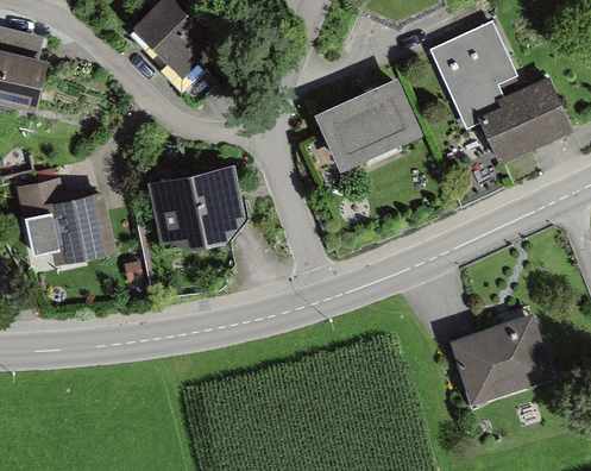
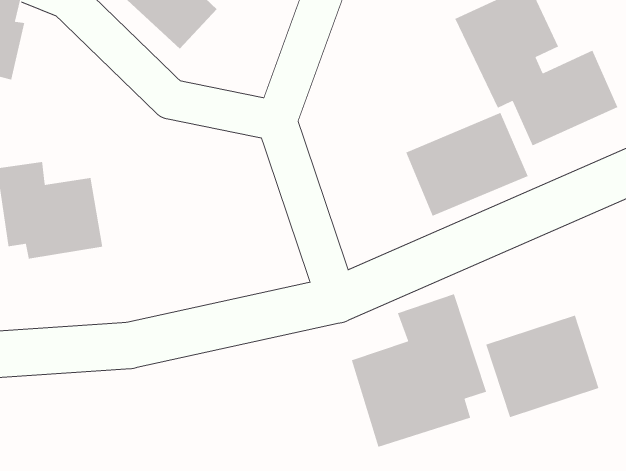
building: [314,80,423,172] -> [405,112,529,217]
building: [153,168,243,250] -> none
building: none -> [351,293,487,448]

